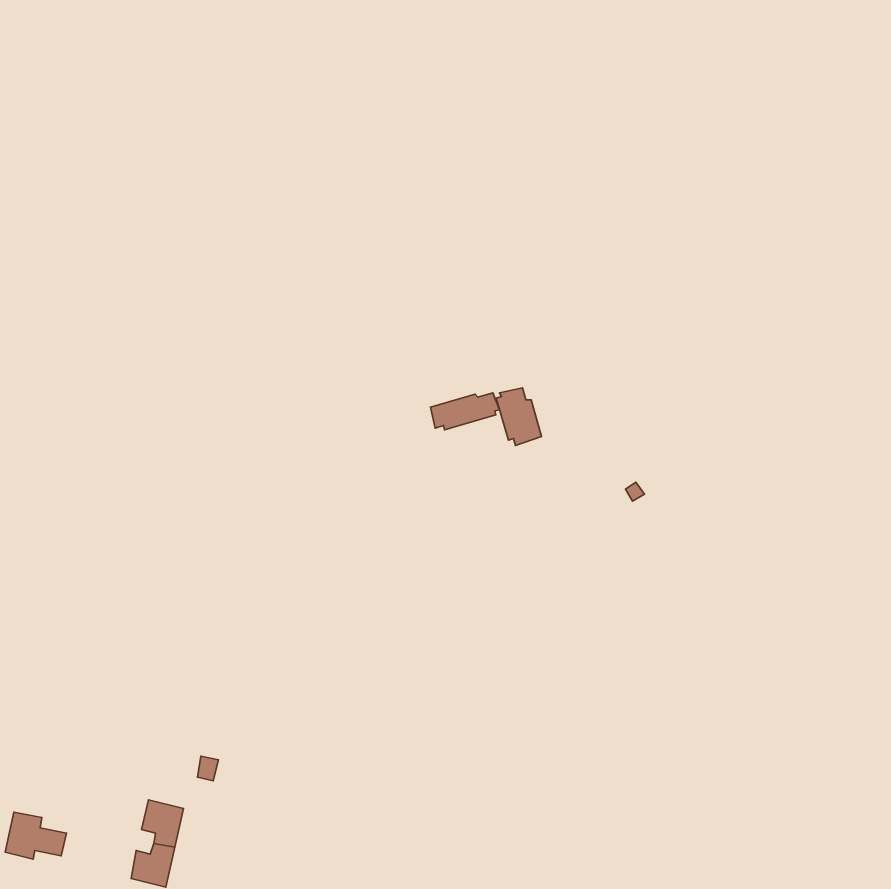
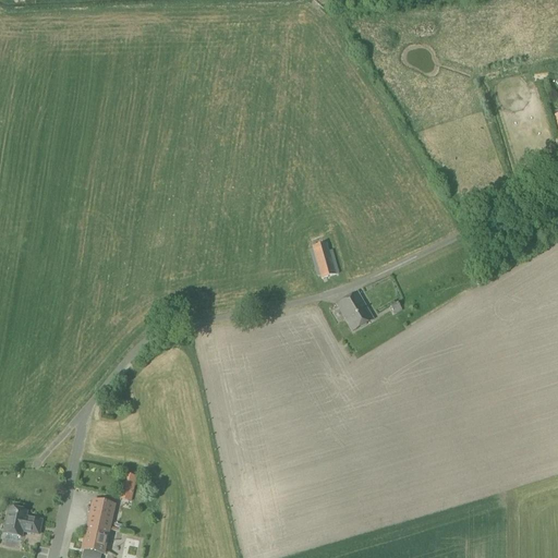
building: [430,393,500,430] -> none
building: none -> [337,291,374,330]

